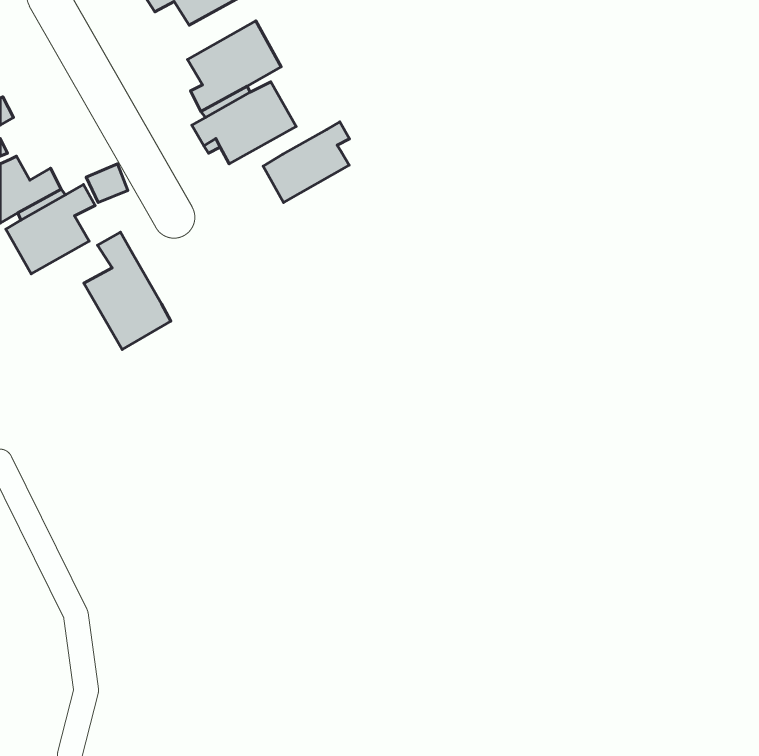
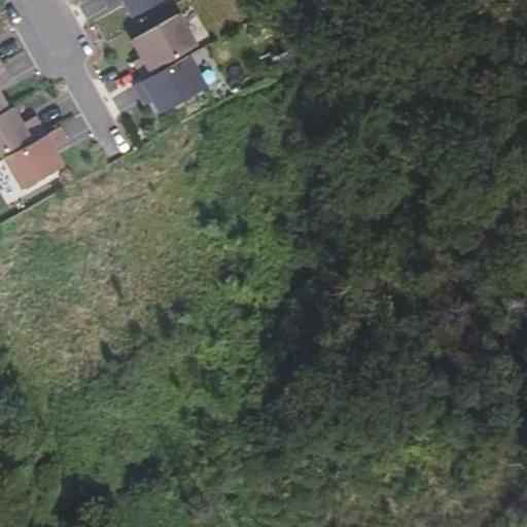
building: [263,122,349,202] -> none
building: [84,232,171,349] -> none

